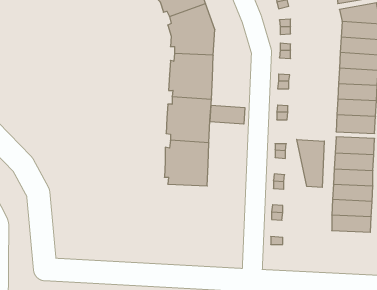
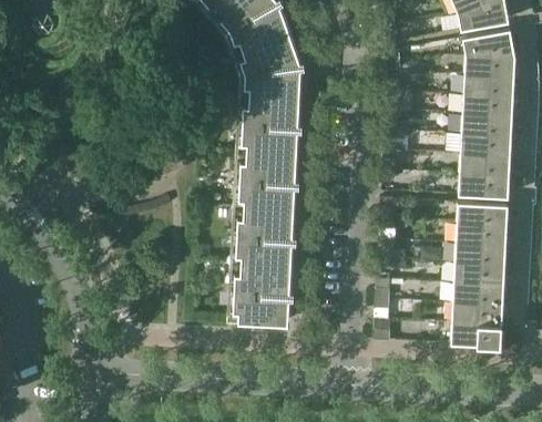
building: [210,105,245,124] -> none
building: [297,139,324,187] -> none
building: none -> [233,267,292,327]
building: none -> [451,327,502,350]

